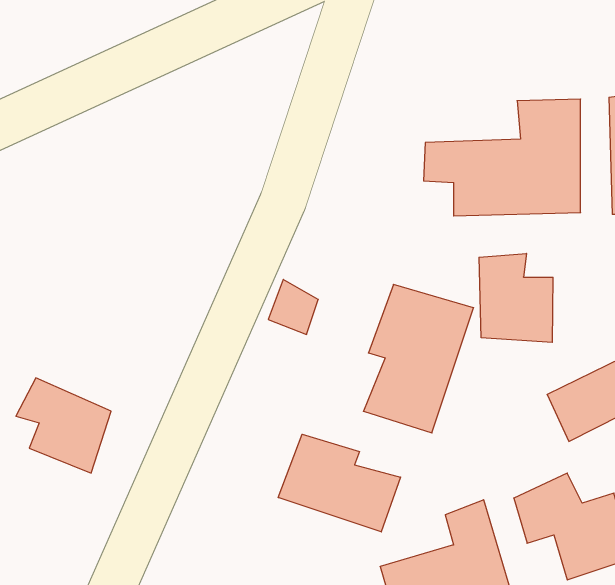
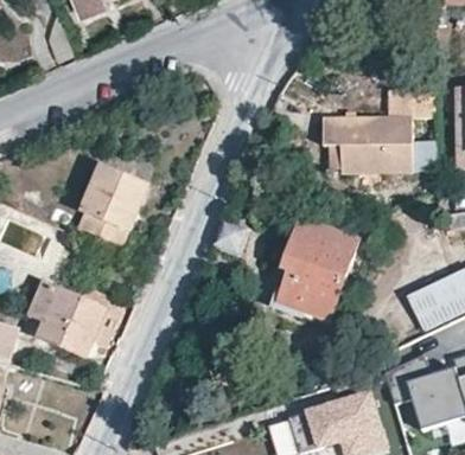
building: none -> [76,167,148,251]
building: [479,253,553,342] -> none
building: [278,434,401,532] -> none

